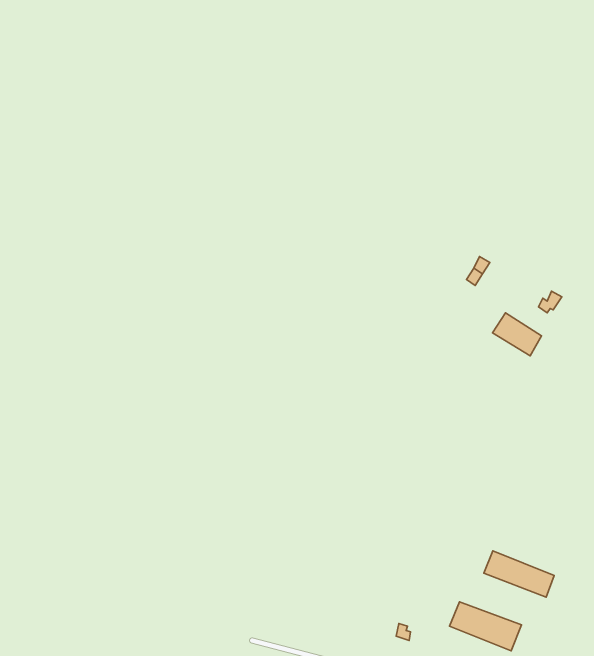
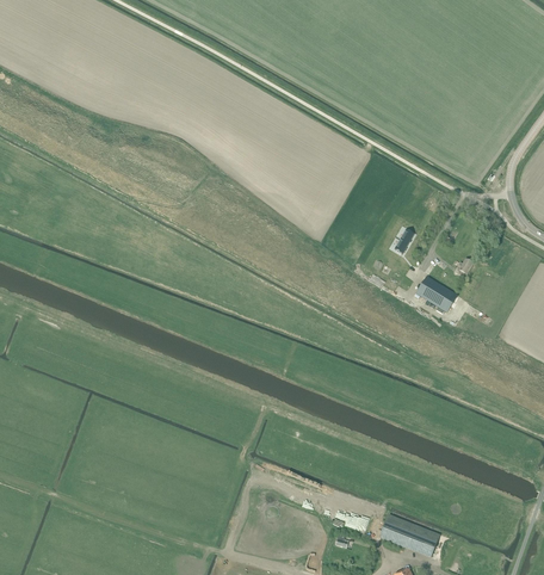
building: [484,551,554,597] -> none

